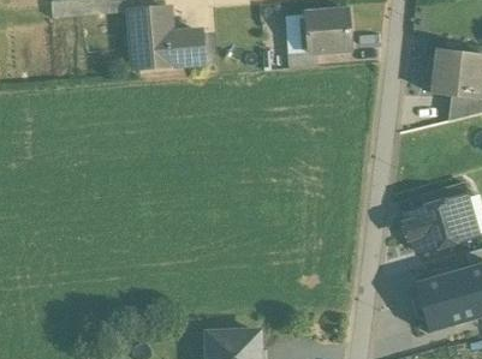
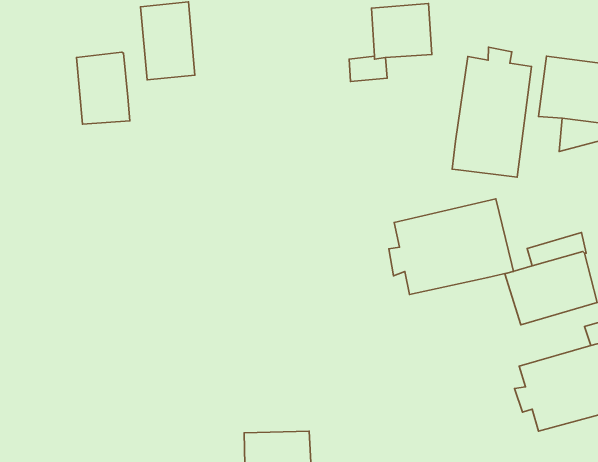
building: [169,31,202,62] -> none
building: none -> [452,47,532,177]
building: none -> [77,52,130,124]
building: none -> [389,199,514,295]

